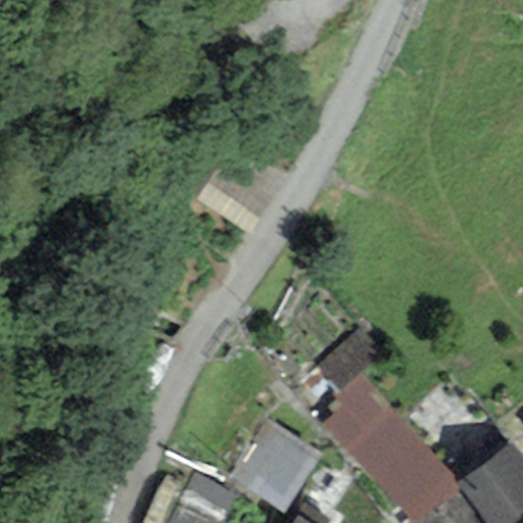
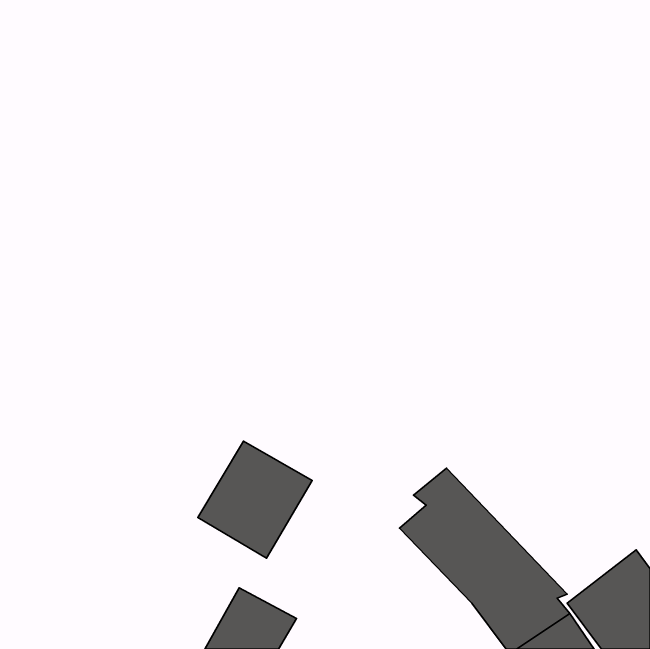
building: [230,418,322,512] -> [198,441,312,558]

